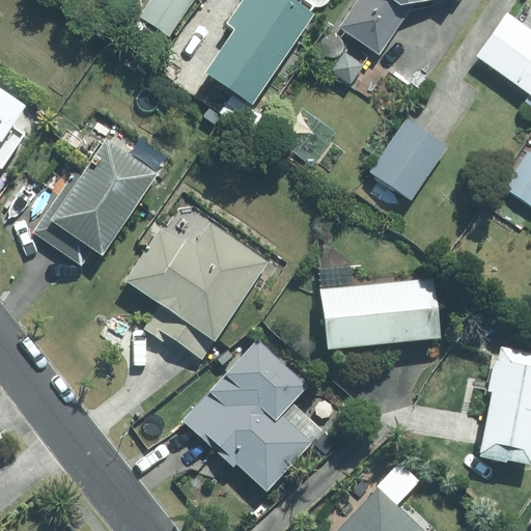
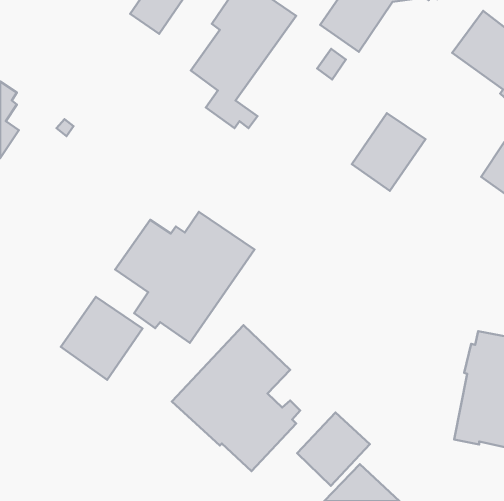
building: [34,137,158,261] -> none
building: [318,279,441,353] -> none
building: none -> [61,297,142,380]
building: none -> [297,412,370,486]

